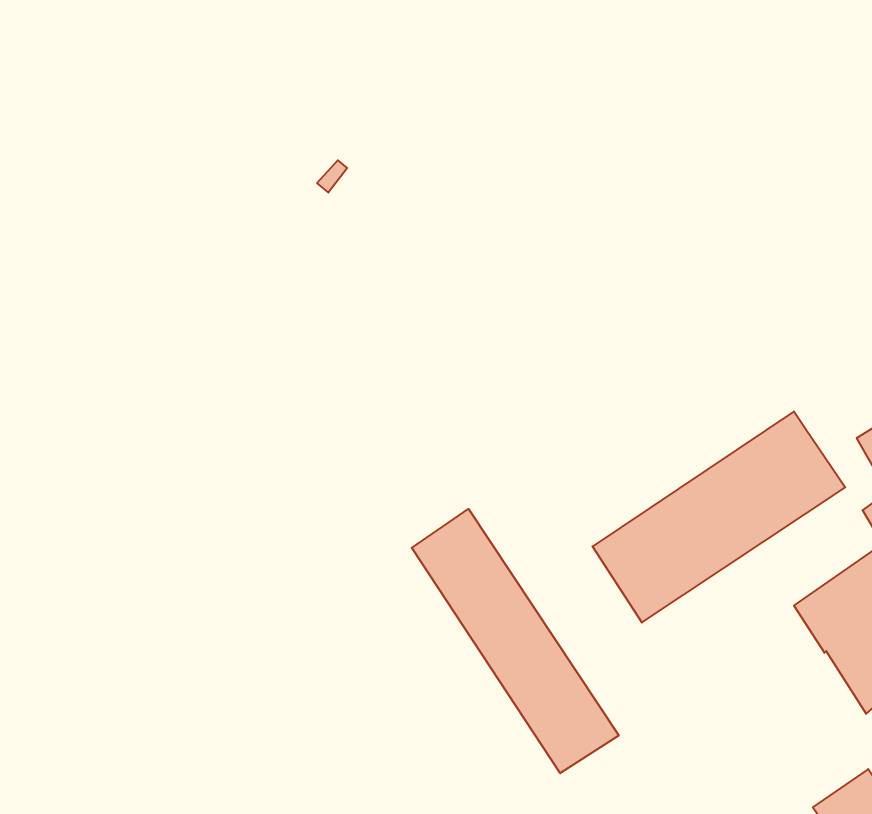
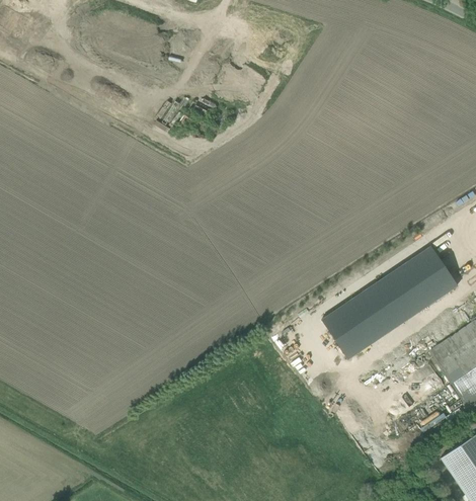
building: [412,509,619,773] -> none

